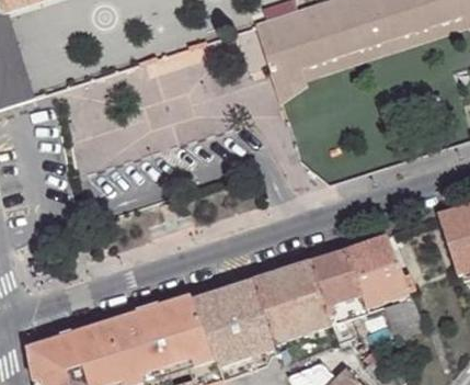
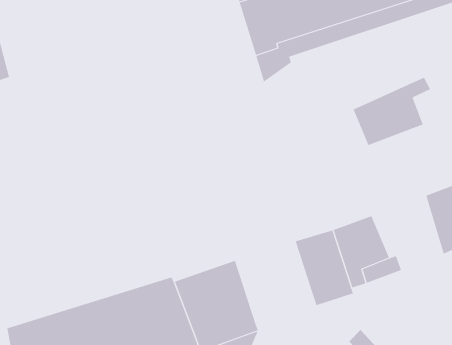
building: none -> [353,77,431,146]
building: [252,259,331,342] -> none

